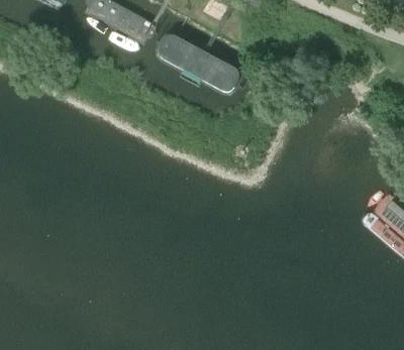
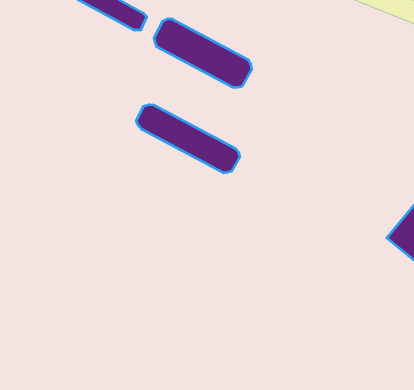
building: none -> [136,105,240,173]

